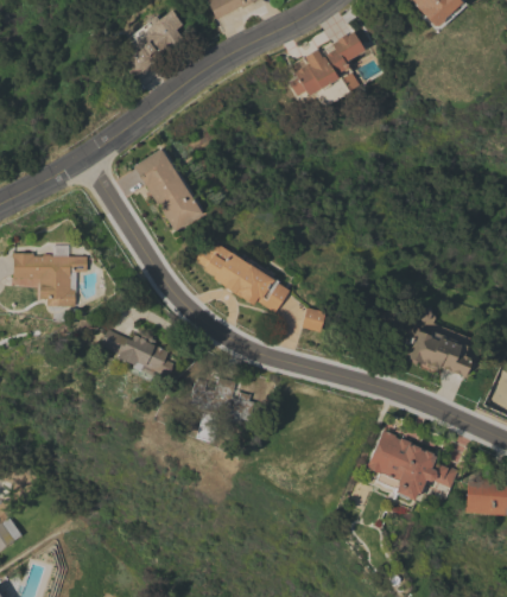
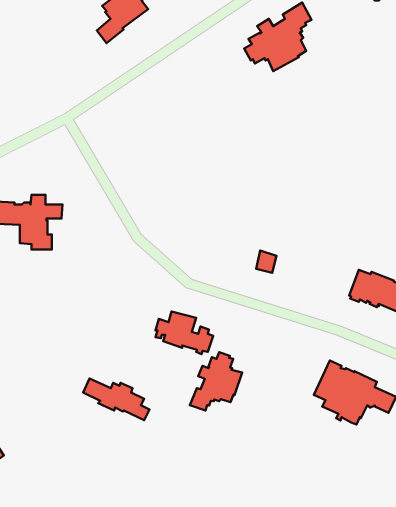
building: [134,148,203,230] -> none
building: [196,244,290,312] -> none
building: [101,329,175,375] -> [83,379,149,420]
building: none -> [190,352,242,411]

